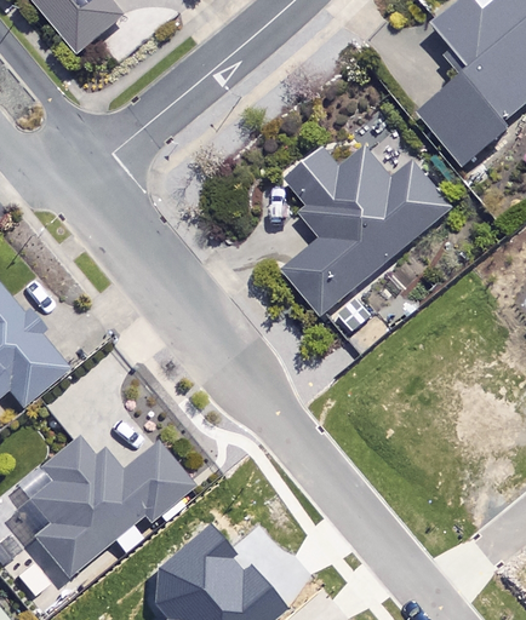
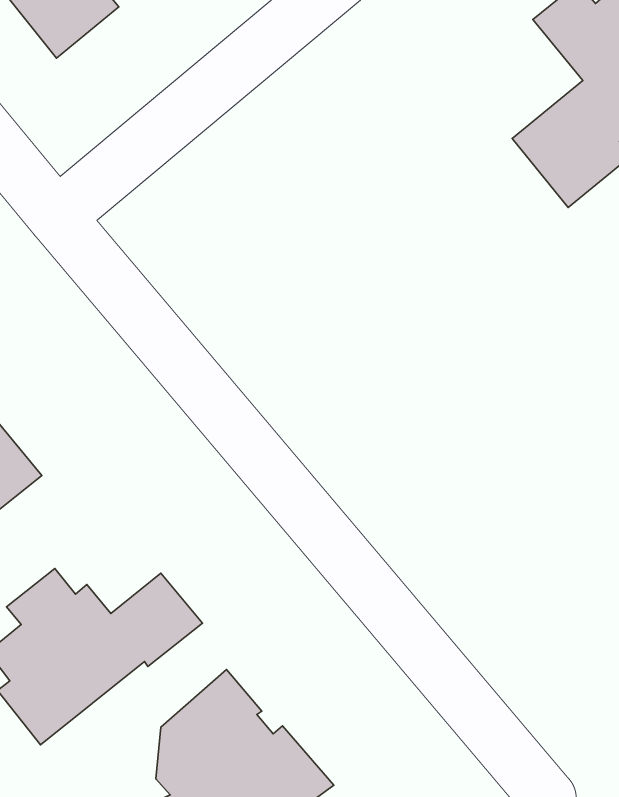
building: [284,150,451,316] -> none

